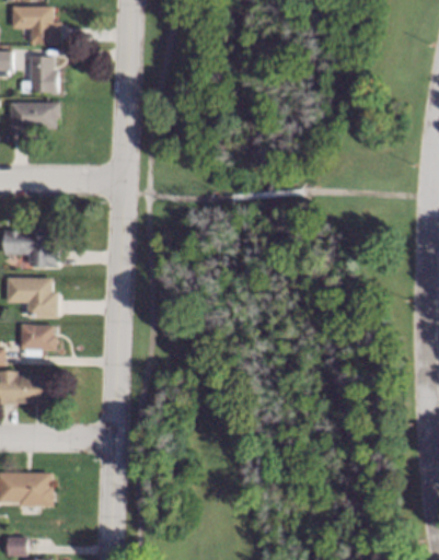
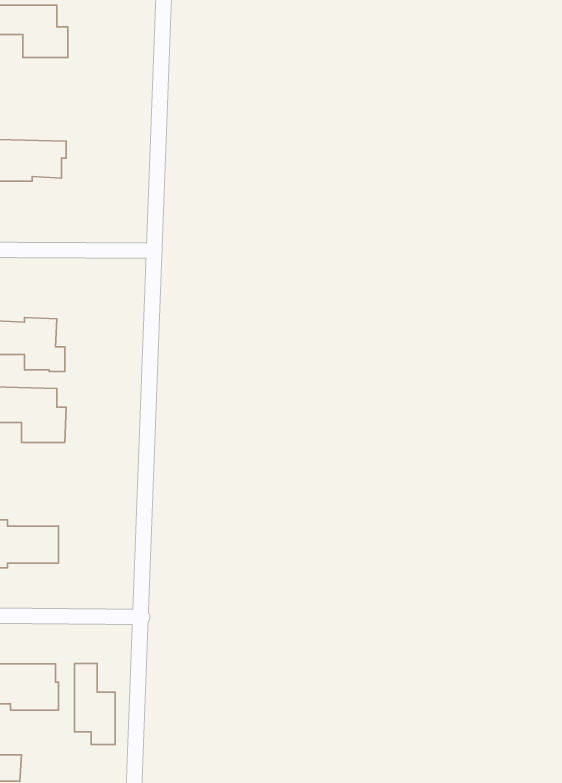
building: [21,56,57,93] -> none
building: [20,324,58,357] -> none
building: none -> [75,664,115,744]

